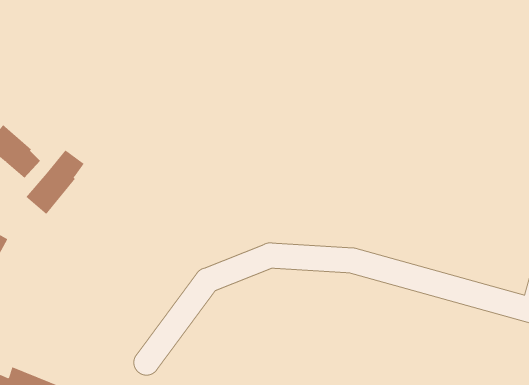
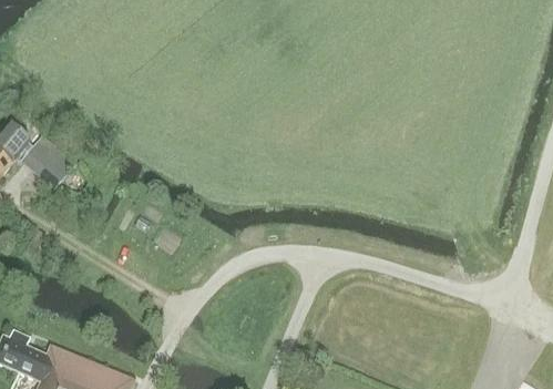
building: [26,149,85,215] -> none

